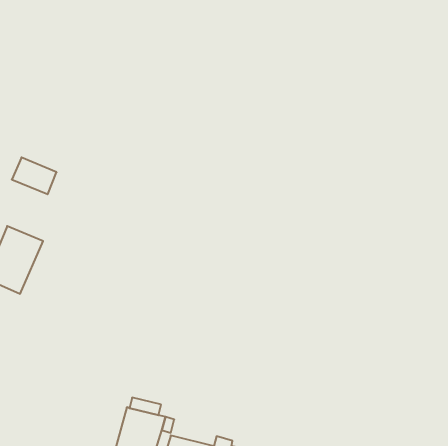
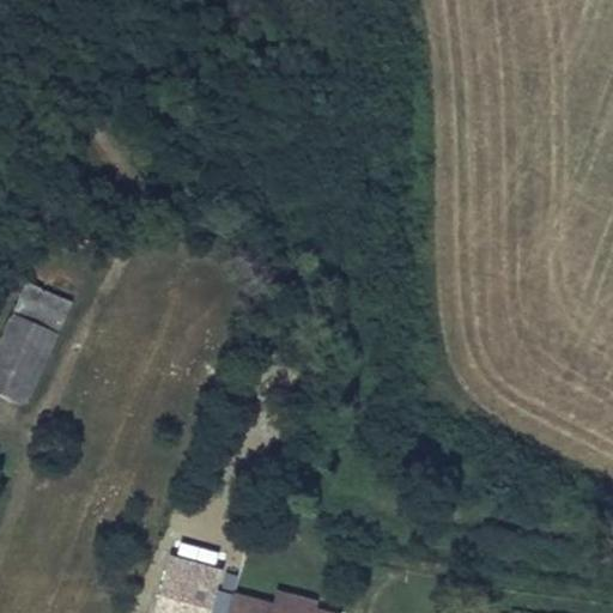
building: [12,157,57,194] -> [10,283,71,333]

